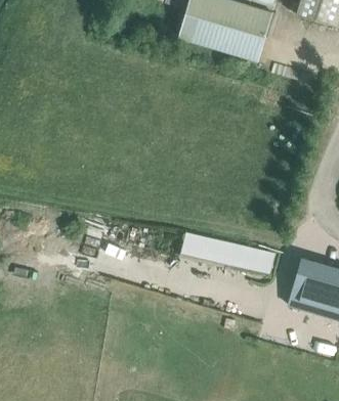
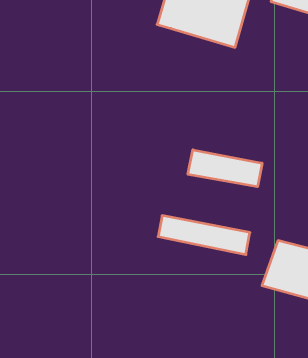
building: none -> [188,150,262,187]

